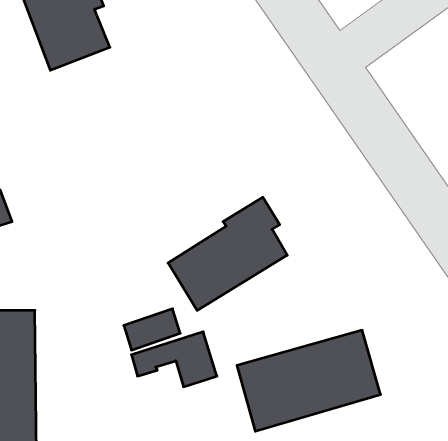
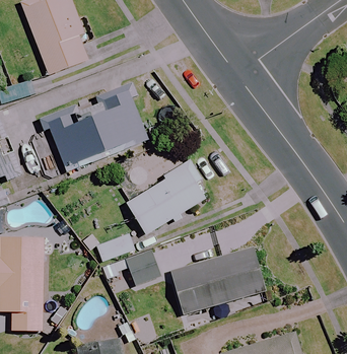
building: none -> [38,100,146,170]

